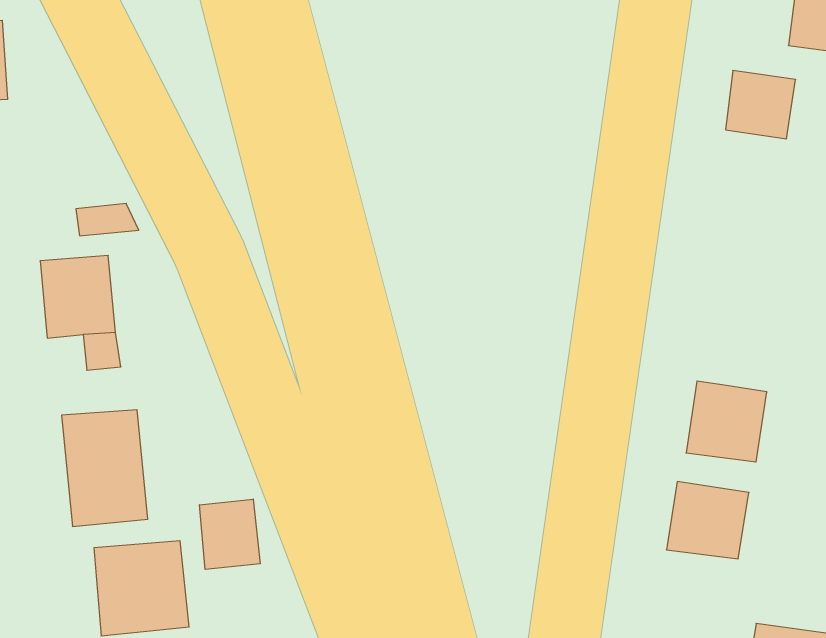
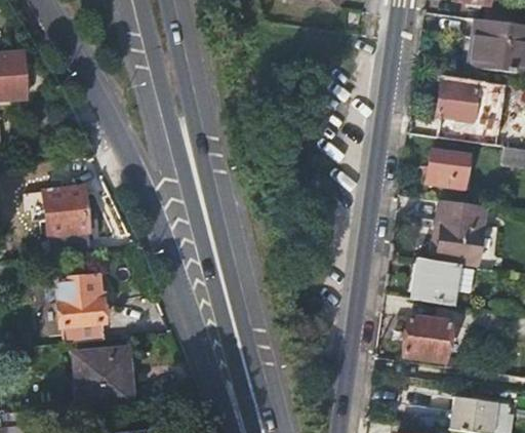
building: none -> [427,151,469,186]
building: none -> [435,198,487,266]
building: [200,499,260,569] -> none

